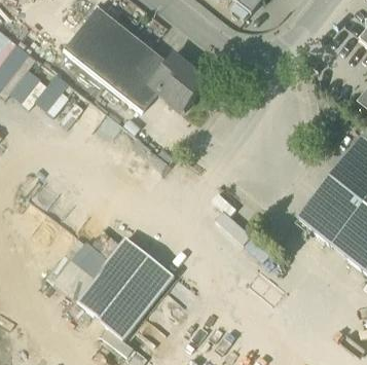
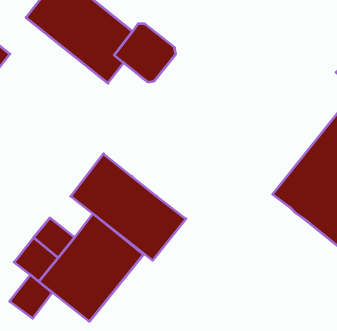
building: none -> [71,154,186,260]
building: none -> [10,275,52,318]

